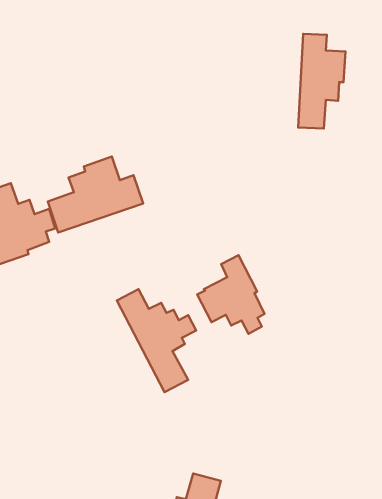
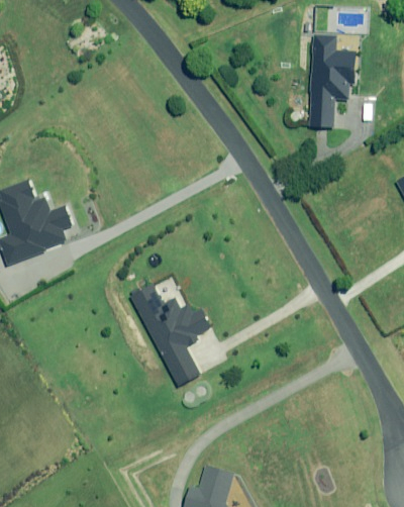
building: [48,157,143,233] -> none
building: [197,255,264,334] -> none

